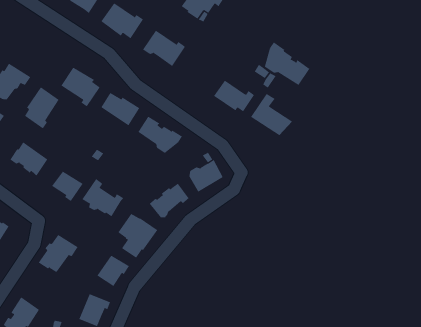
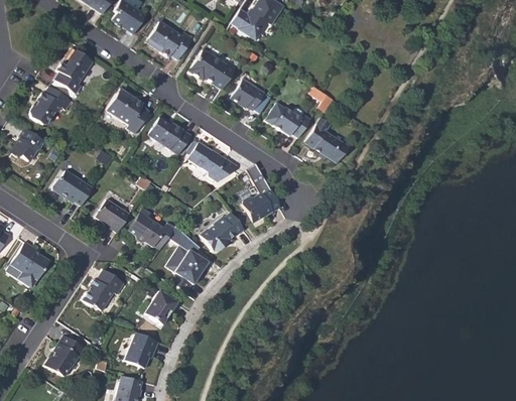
building: [264,42,310,86] -> none
building: none -> [228,78,266,110]
building: [24,87,59,129] -> [54,47,92,93]

